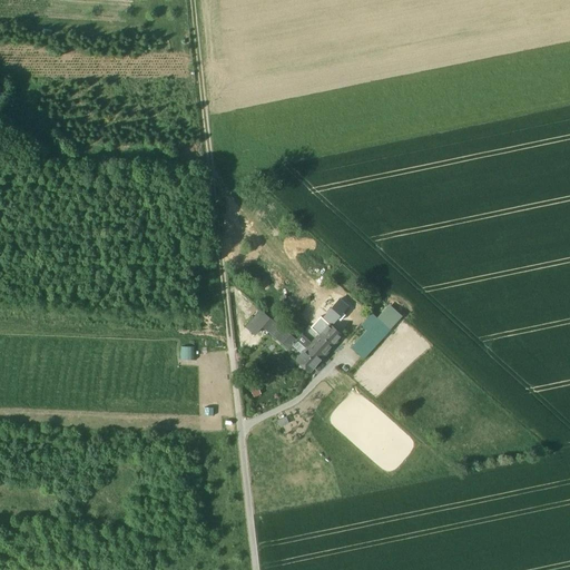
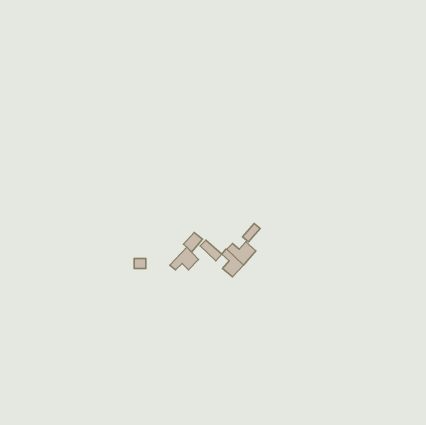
building: [351,306,400,357] -> none
building: none -> [170,247,199,270]

